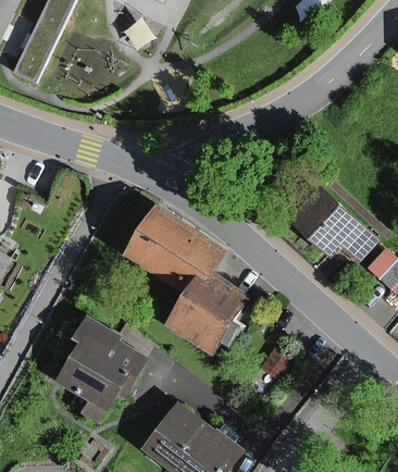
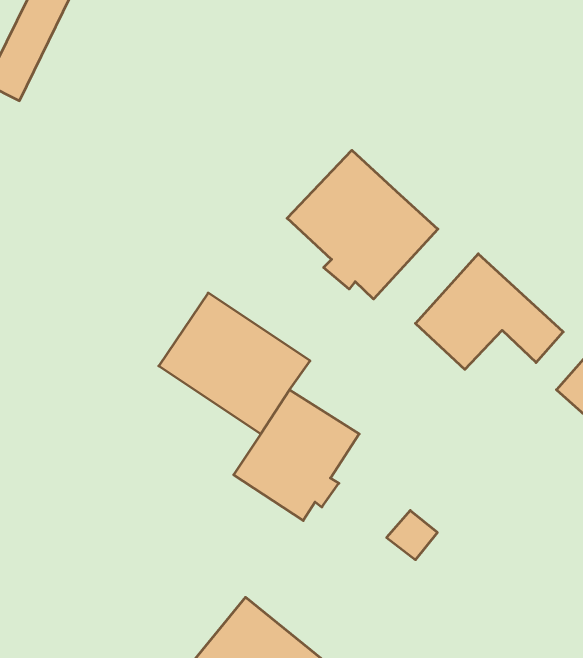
building: none -> [287,150,438,299]
building: [66,315,146,406] -> none

